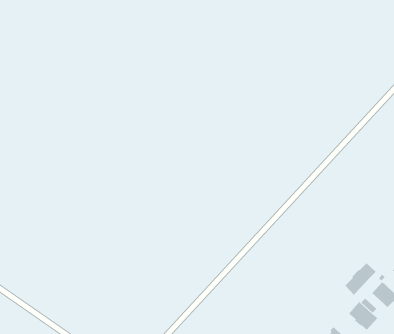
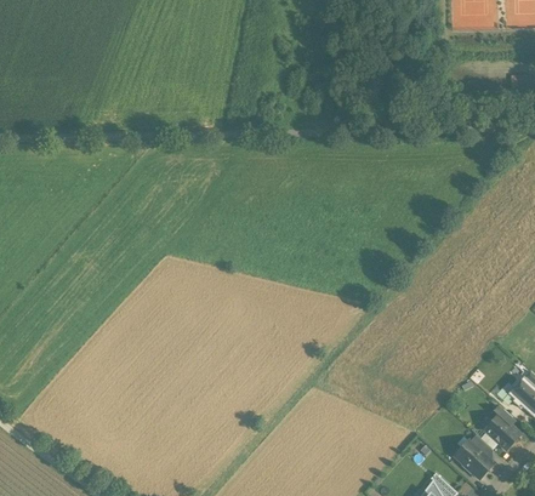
building: [344,263,377,296] -> none

